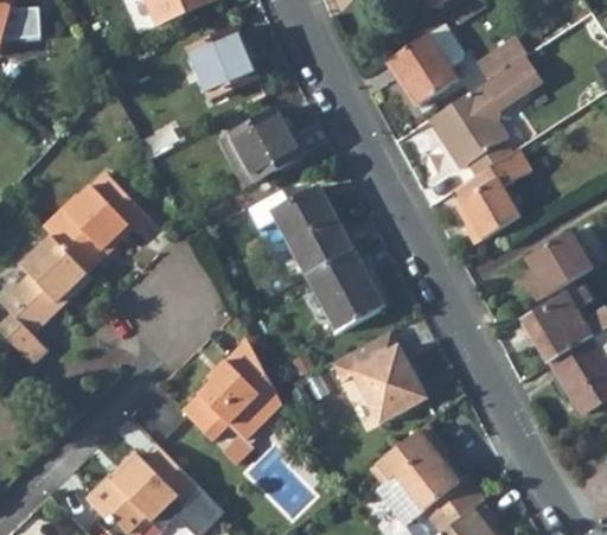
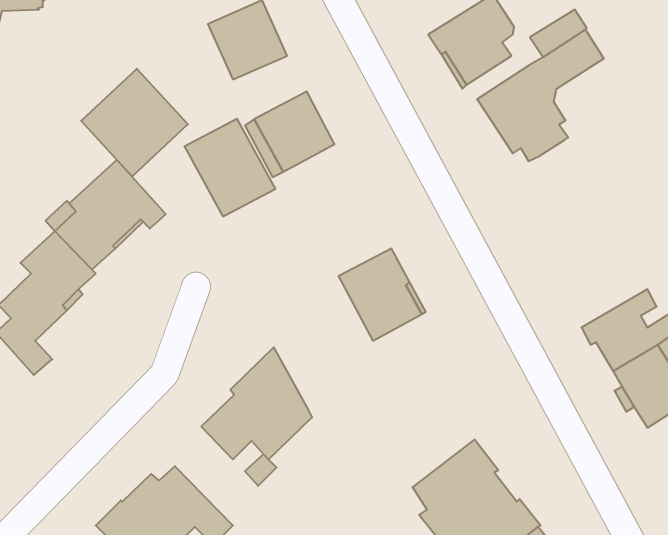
building: none -> [81,69,188,177]
building: [454,146,532,242] -> none
building: [270,189,352,276] -> [184,119,275,216]
building: [526,231,594,300] -> none
building: [331,332,427,425] -> none

